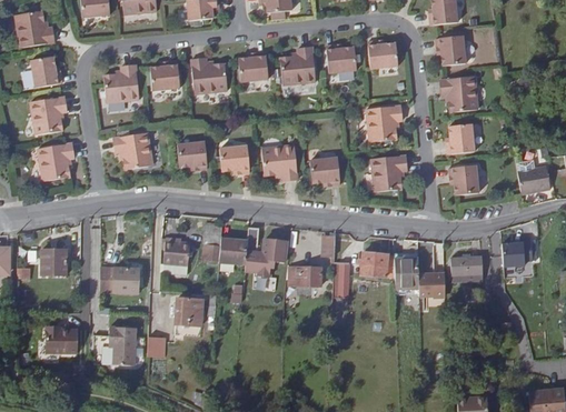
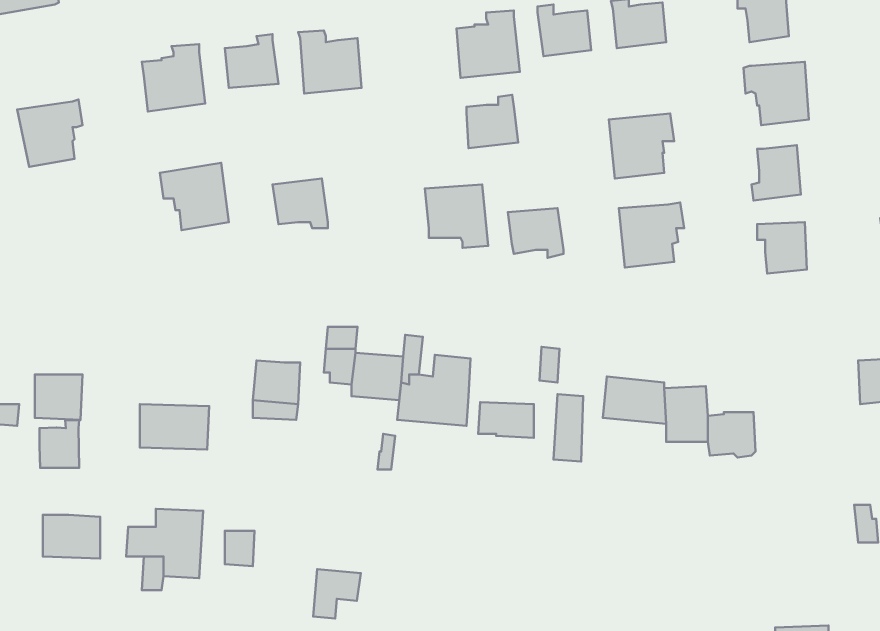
building: [238,51,267,81] -> [467,95,518,148]
building: [33,57,64,88] -> none
building: [41,143,77,181] -> none
building: [218,145,249,173] -> none
building: [454,255,485,282] -> none
building: none -> [39,420,79,468]
building: [178,299,205,326] -> [313,569,361,619]

